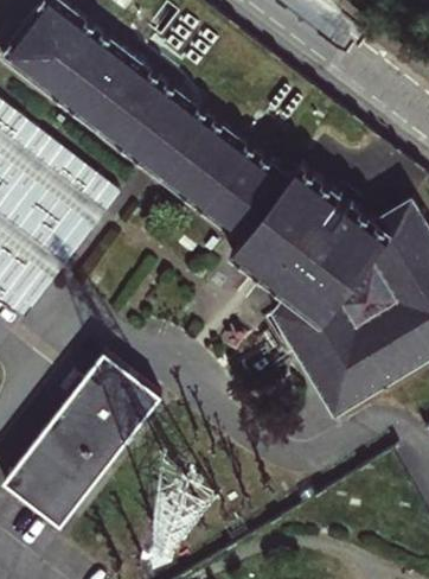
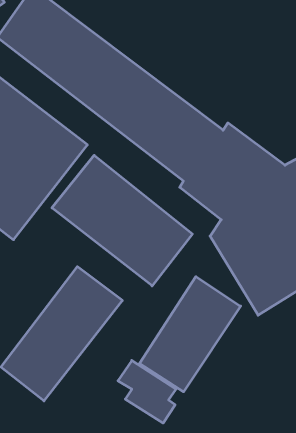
building: none -> [52,155,192,286]
building: none -> [140,277,241,392]

